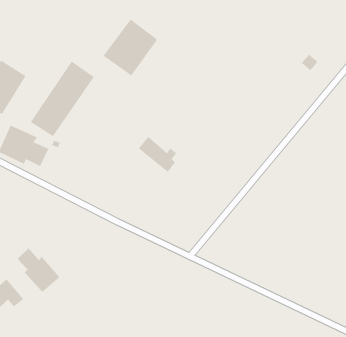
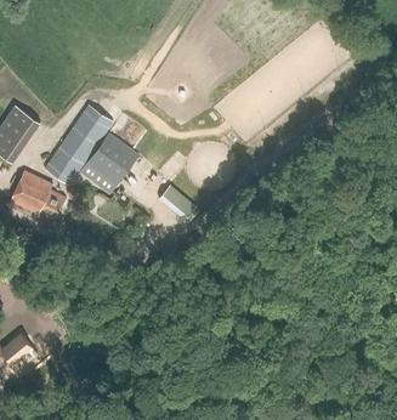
building: [103,19,158,77] -> [79,132,137,193]
building: [17,248,61,293] -> none

